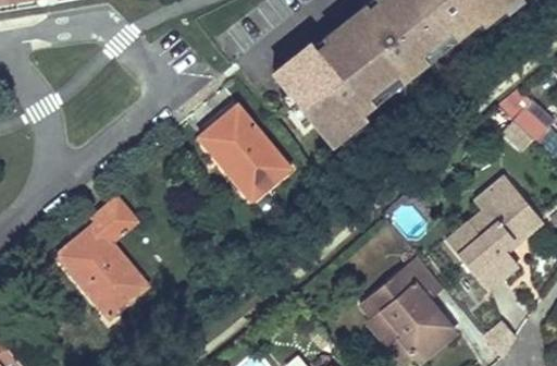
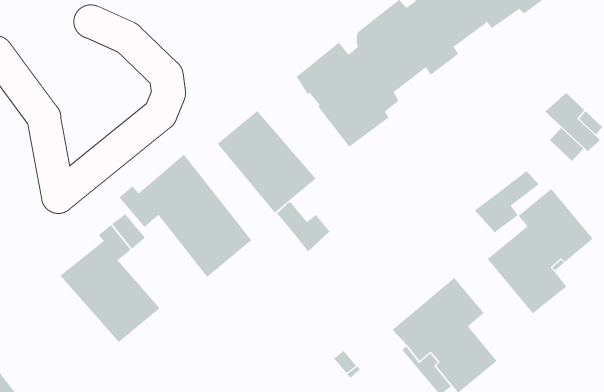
building: none -> [119,154,252,278]
building: none -> [474,170,539,233]
building: none -> [276,201,330,252]

